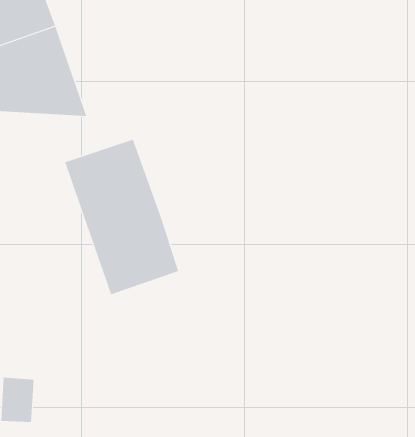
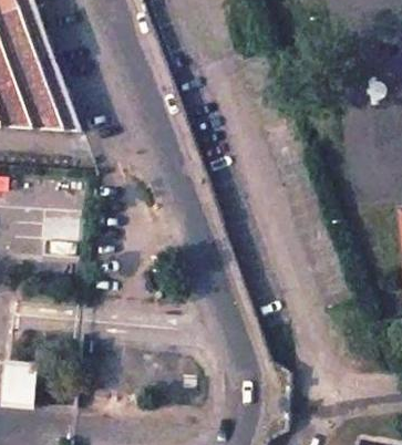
building: [64,139,179,295] -> none

